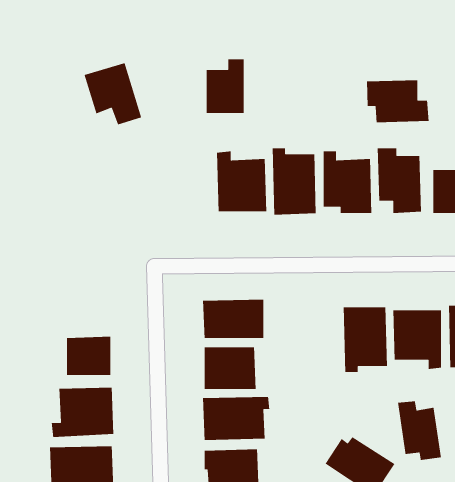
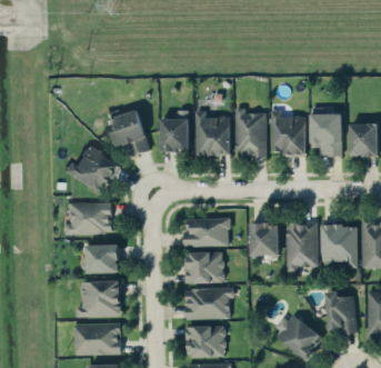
building: [206,58,244,114] -> [161,111,189,151]
building: [83,62,142,125] -> [108,110,150,156]
building: [366,80,430,123] -> none
building: none -> [63,147,119,196]
building: none -> [63,203,112,235]
building: none -> [250,223,279,256]

